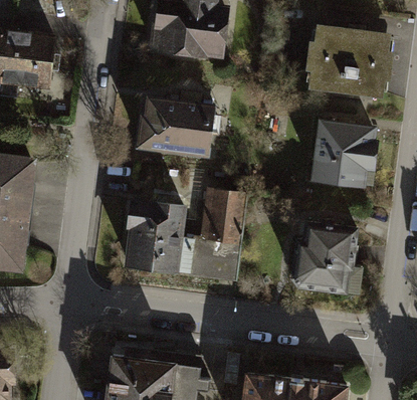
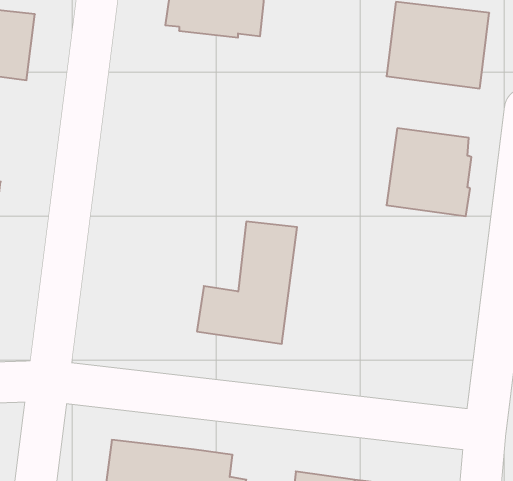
building: [139,98,211,153] -> none
building: [127,201,183,270] -> none
building: [292,223,361,292] -> none

